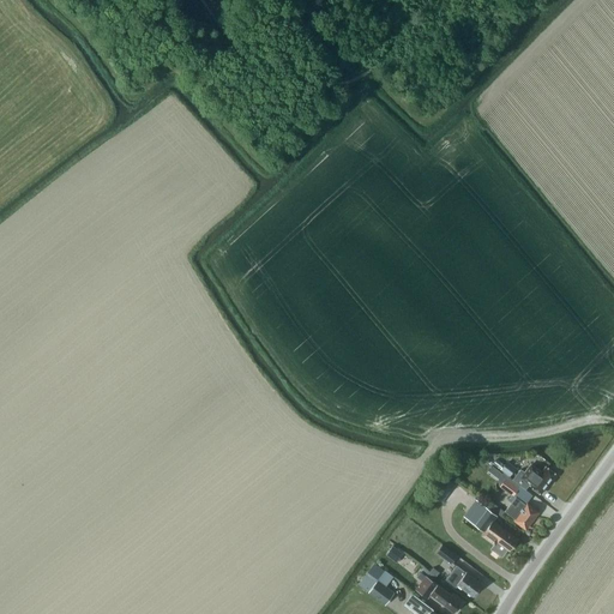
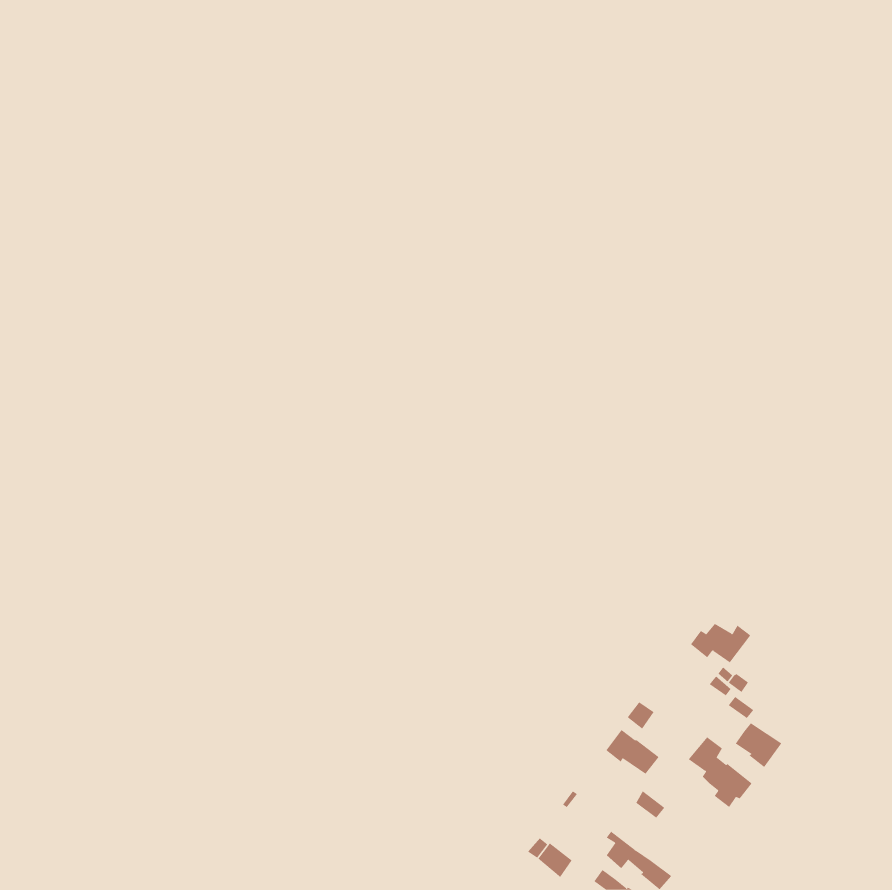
building: [513,464,555,492] -> [690,623,751,663]
building: [445,564,482,595] -> [606,729,660,775]

